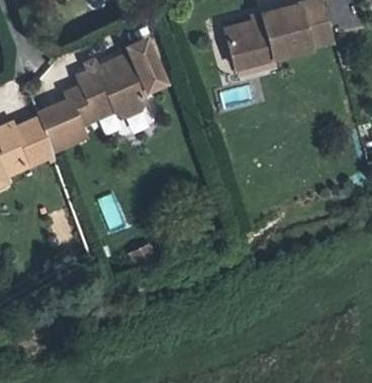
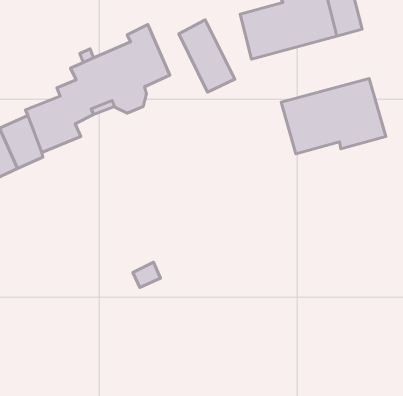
building: none -> [179,20,235,92]
building: none -> [281,78,386,154]

